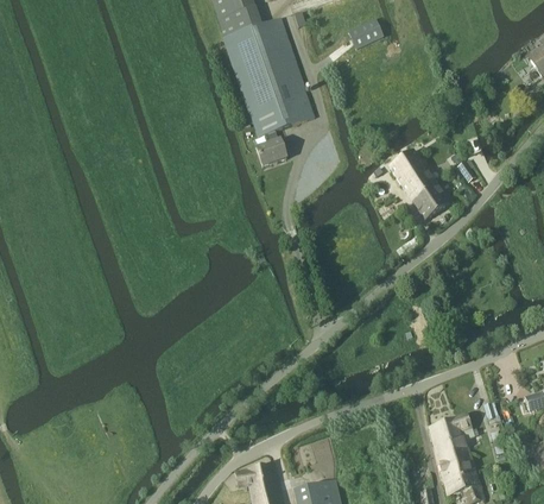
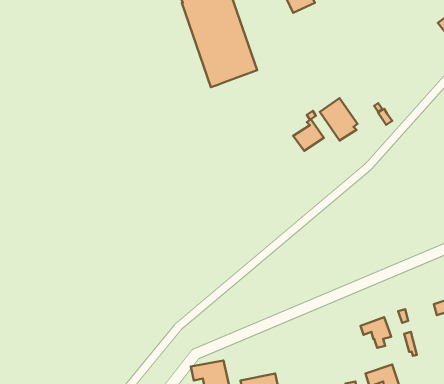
building: [257,131,287,165] -> none
building: [413,181,450,219] -> [293,119,324,151]
building: [430,423,476,480] -> none

